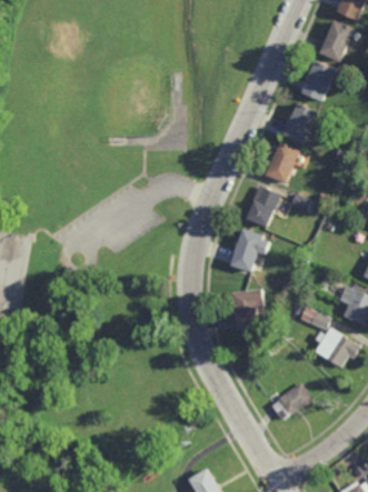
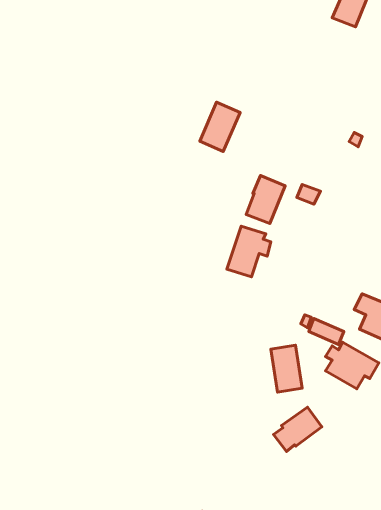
building: [301,59,335,100] -> none
building: [285,103,319,145] -> none
building: [265,140,299,182] -> [200,102,240,152]
building: [230,290,257,330] -> [271,345,302,392]

